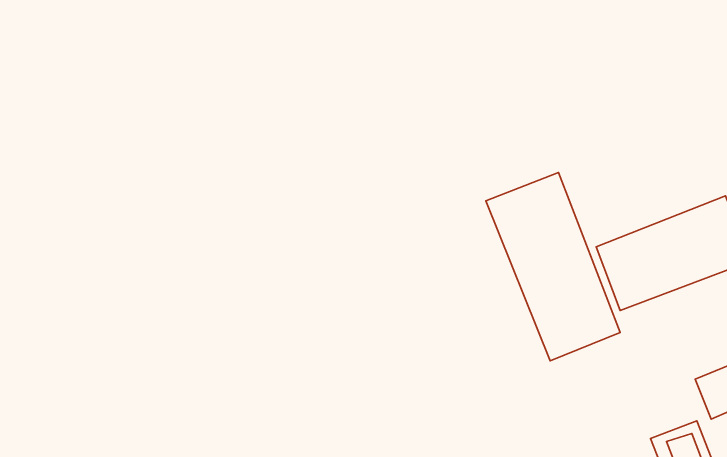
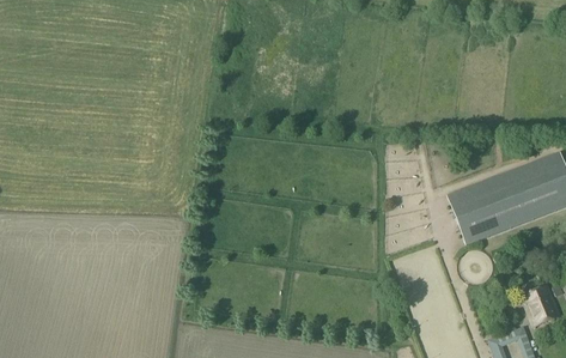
building: [486,172,620,361] -> none

